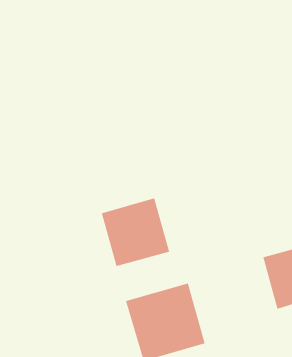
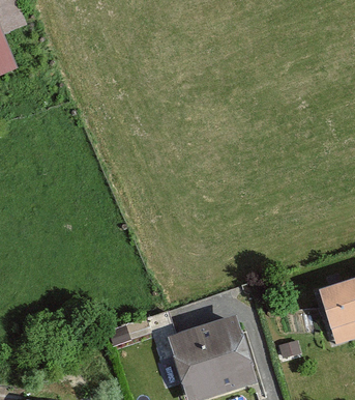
building: [101,198,170,267] -> none

